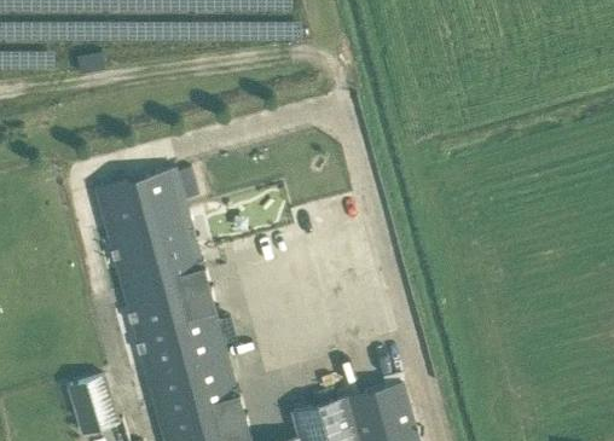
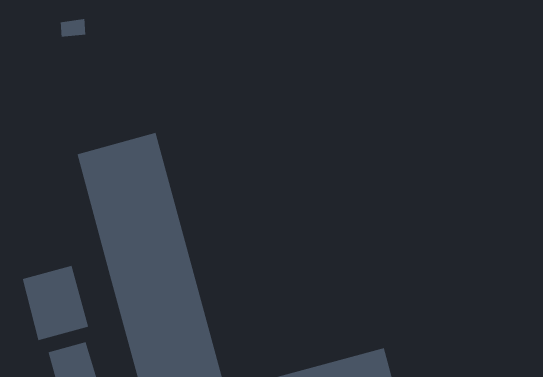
building: none -> [22,265,89,341]

